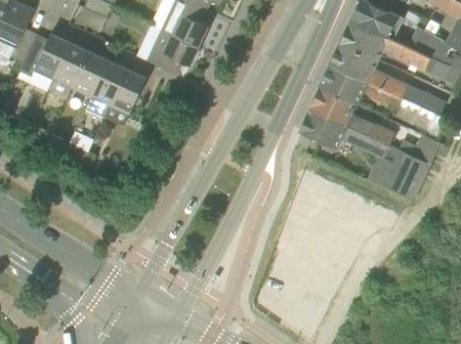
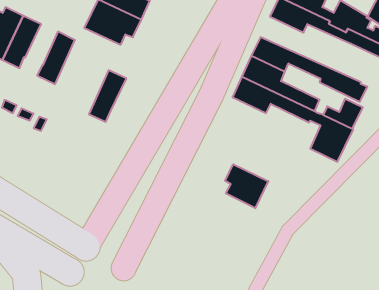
building: [330,42,445,114] -> none
building: [73,50,109,95] -> none
building: [106,68,146,124] -> [89,70,126,122]
building: none -> [225,164,268,208]

